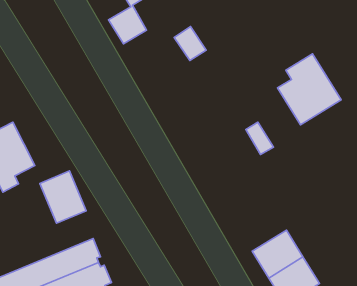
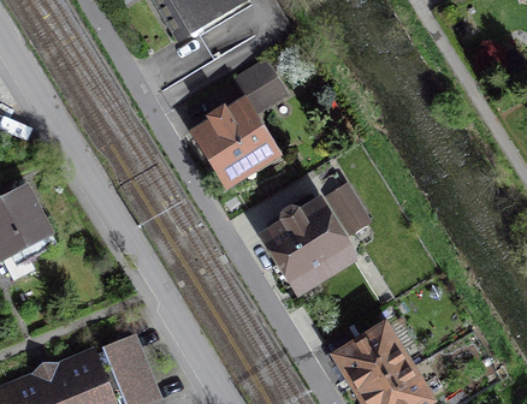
building: [278,54,341,125] -> [267,190,350,283]
building: none -> [195,97,272,178]
building: [40,171,86,223] -> none

